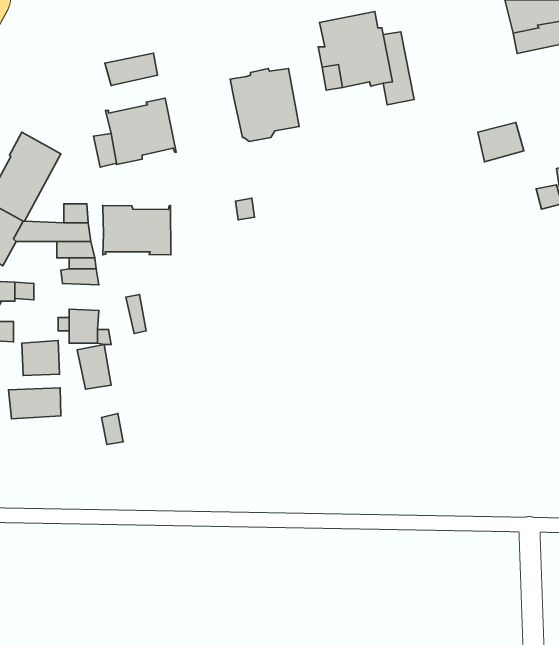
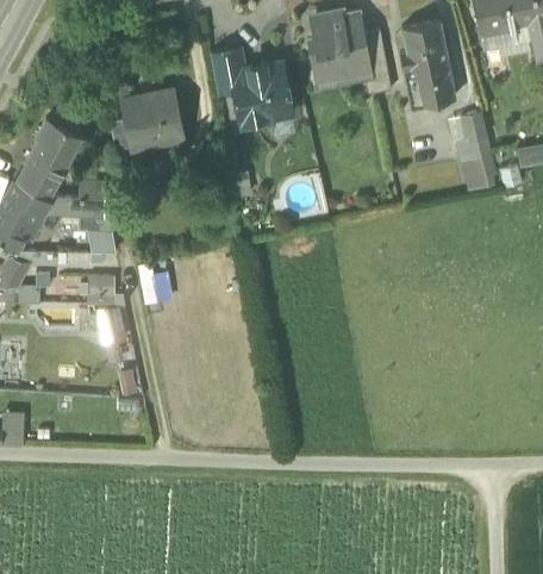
building: none -> [399,21,455,106]
building: none -> [210,48,244,94]
building: [105,53,158,85] -> none
building: none -> [454,136,498,192]
building: [102,206,171,255] -> none
building: [9,388,61,419] -> none

